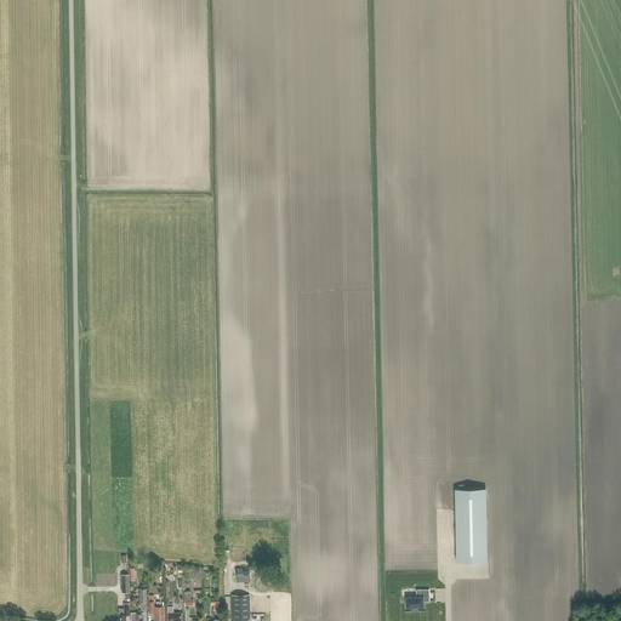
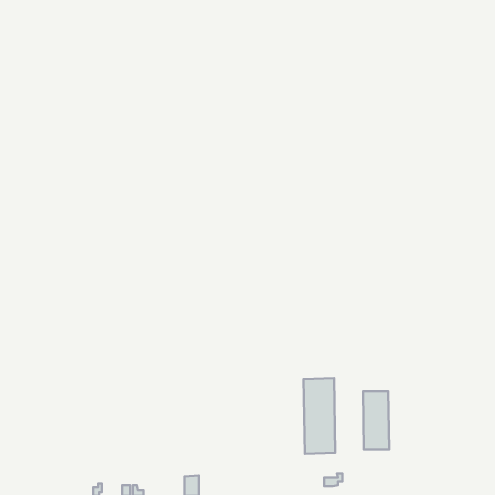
building: none -> [303,378,335,454]

